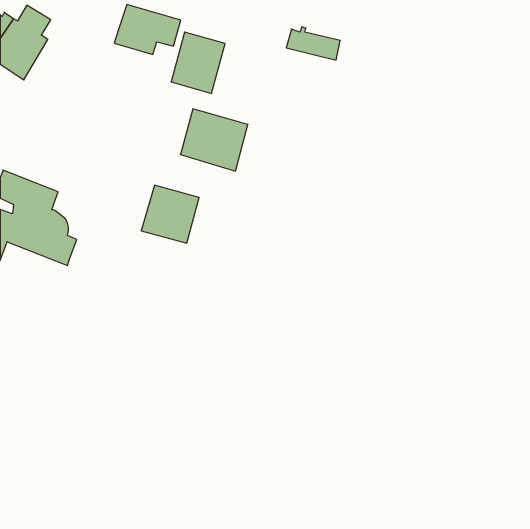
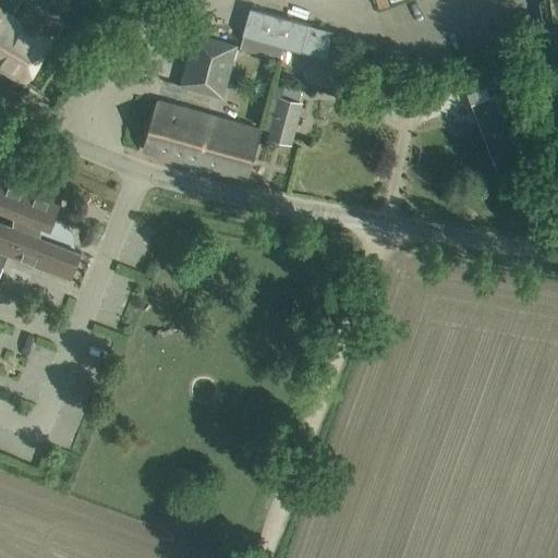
building: [114,5,181,54] -> [239,9,308,61]
building: none -> [263,86,301,141]
building: [141,185,199,243] -> [142,102,203,163]

